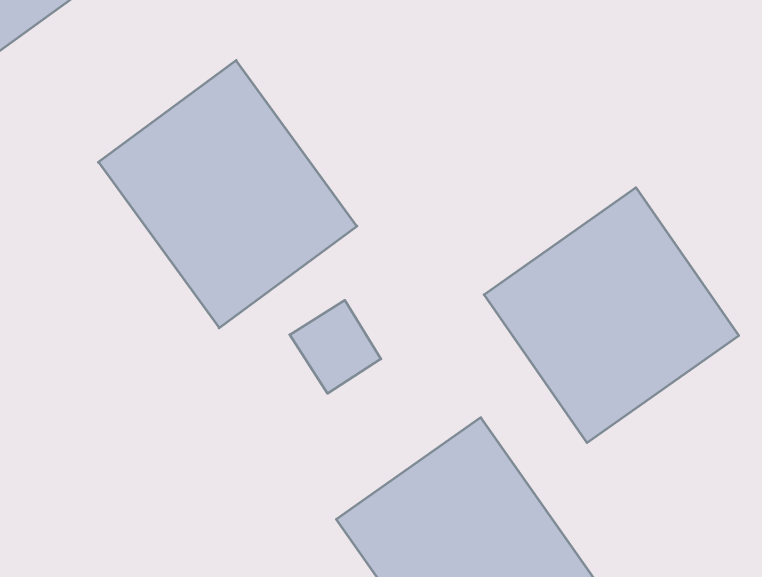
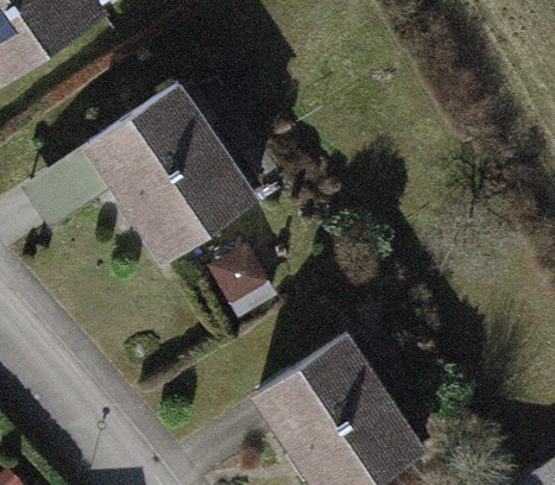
building: [484,188,739,443] -> none

